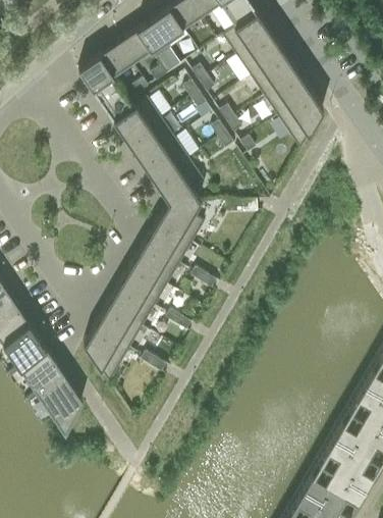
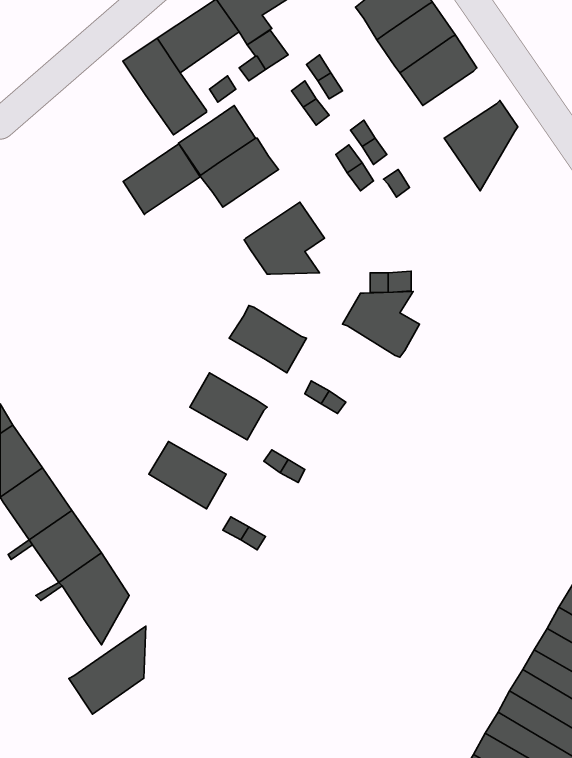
building: [265,75,313,119] -> none
building: [141,139,188,183] -> [123,144,200,214]
building: [157,203,205,244] -> [343,292,420,357]
building: [132,244,180,287] -> none
building: [107,287,156,328] -> none
building: [85,328,130,384] -> none
building: none -> [69,626,146,714]

